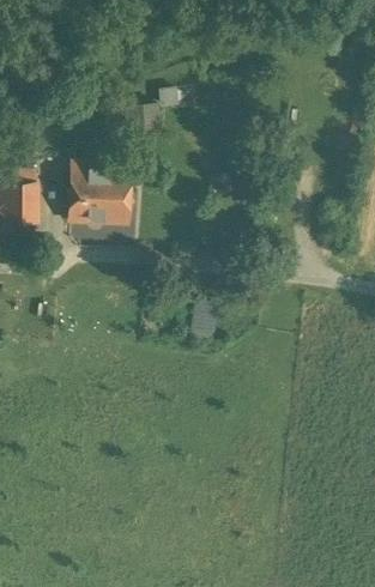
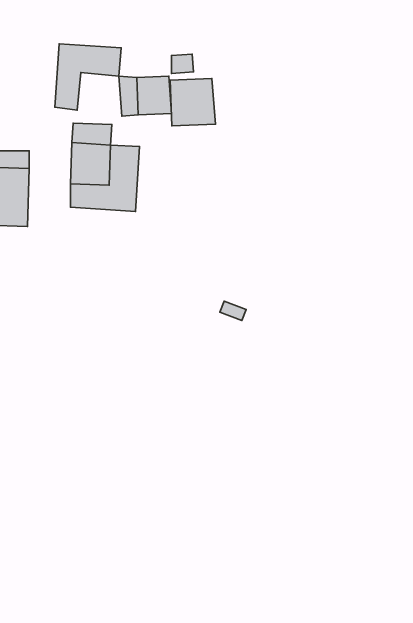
building: none -> [55,44,121,110]
building: none -> [170,78,215,126]

